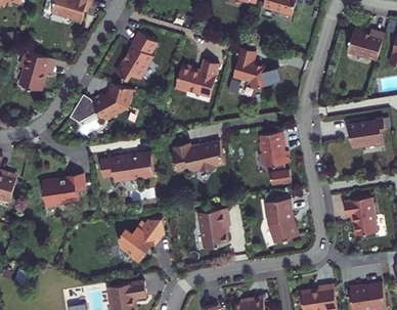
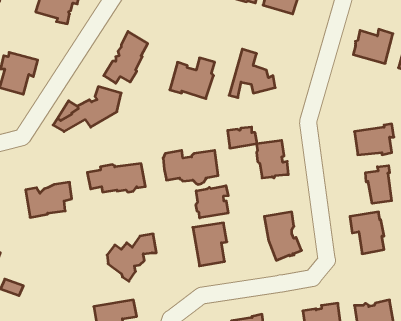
building: none -> [366,166,392,203]
building: [262,165,290,184] -> [228,127,257,148]
building: none -> [196,186,228,218]

